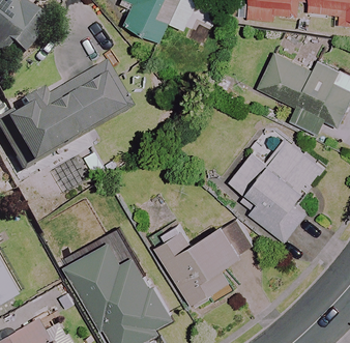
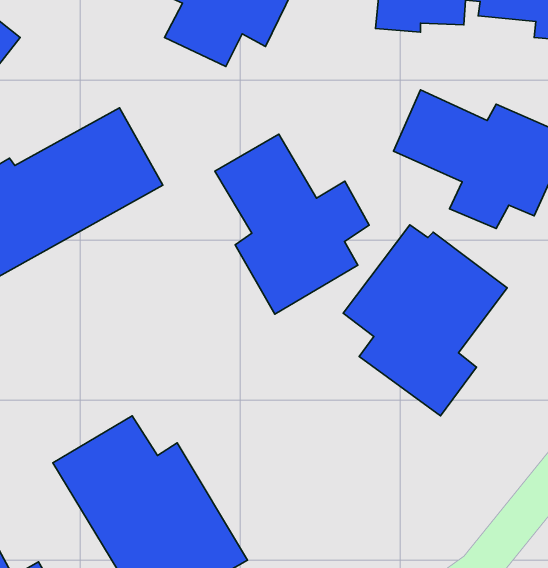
building: none -> [215,134,369,314]
building: [151,217,253,308] -> none

